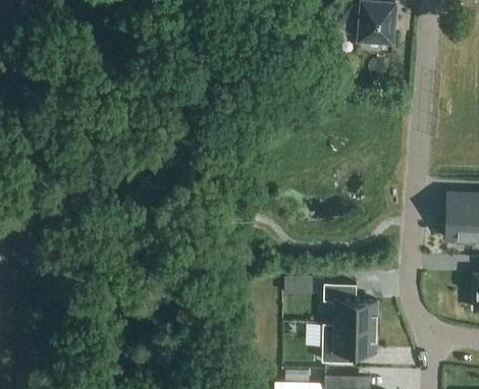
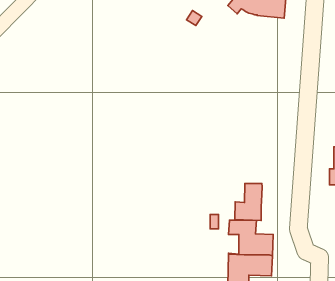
building: none -> [235,183,262,220]

